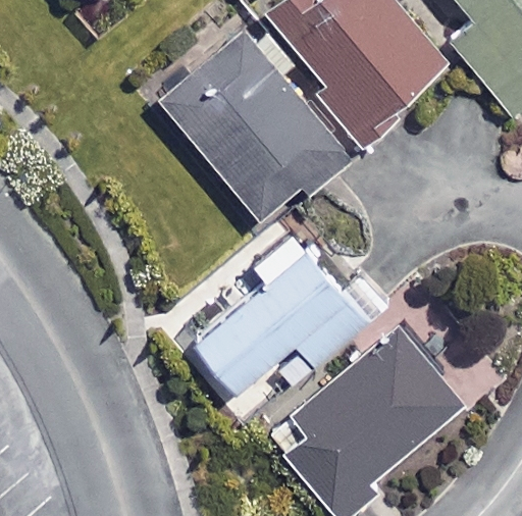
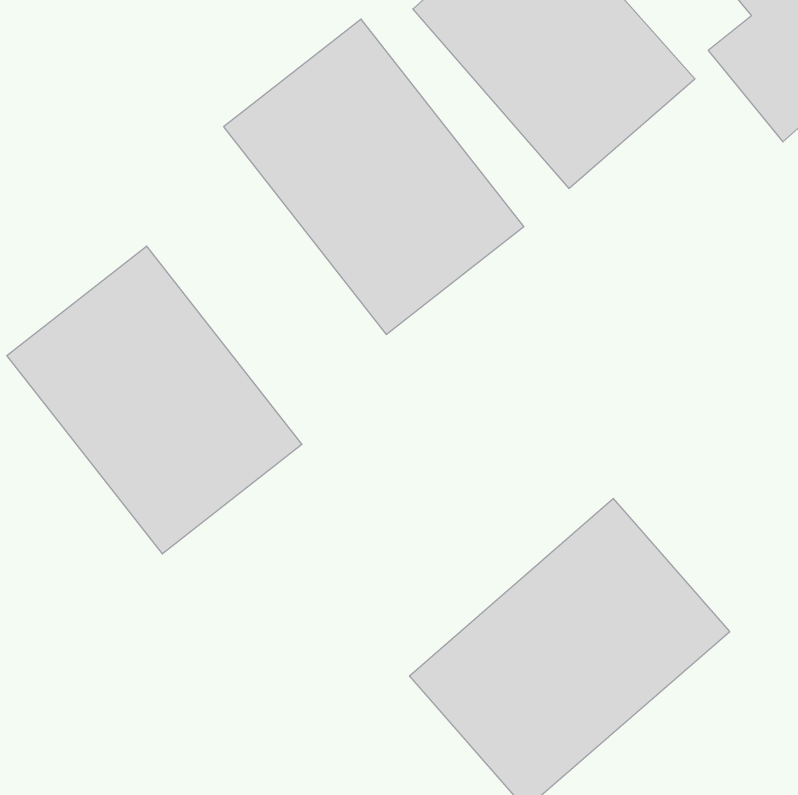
building: none -> [7,246,302,554]
building: [195,231,370,393] -> none

